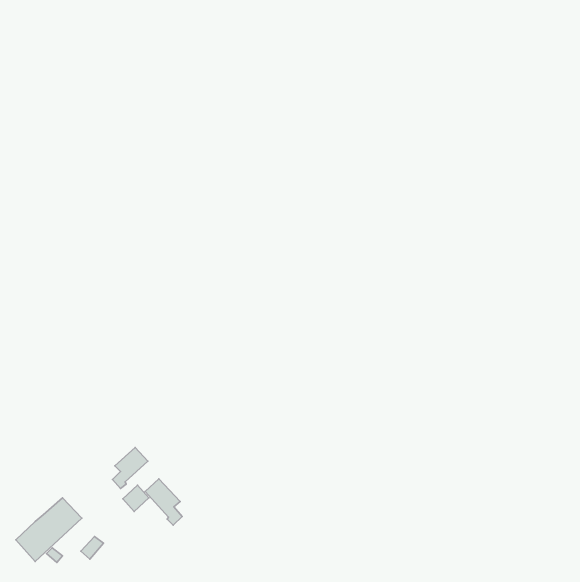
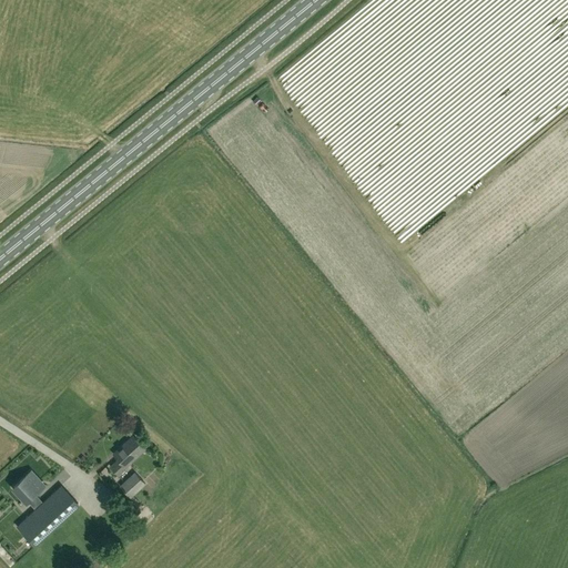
building: [145,479,182,525] -> none
building: none -> [13,471,44,508]

